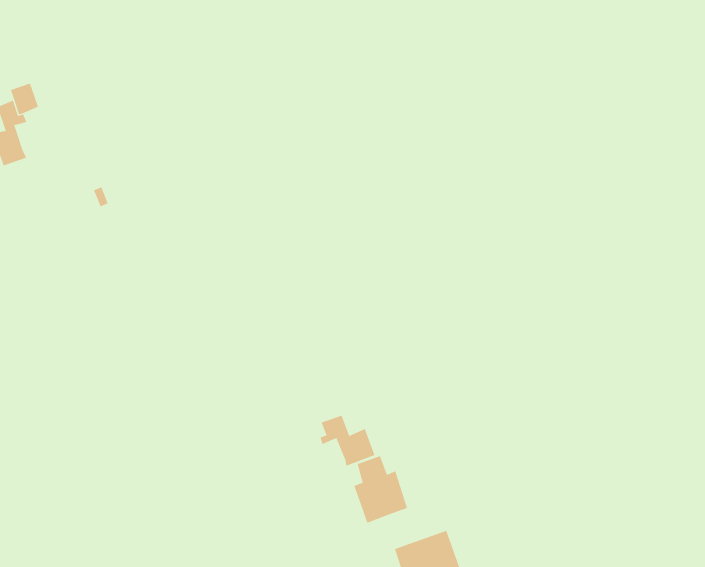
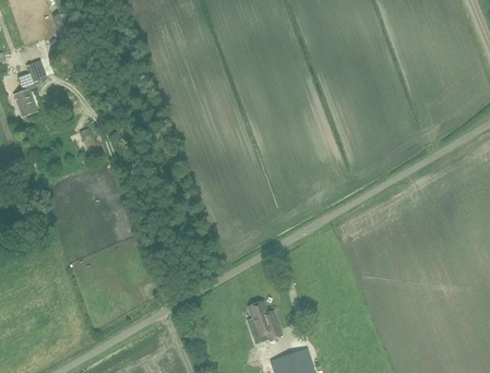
building: [320,415,375,466] -> none

